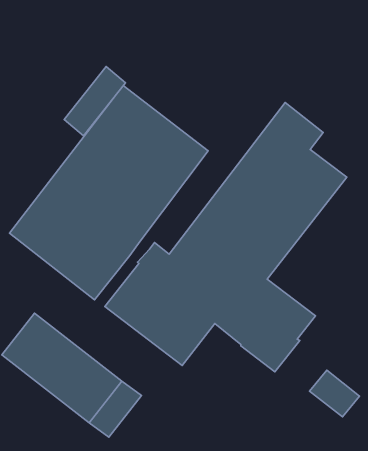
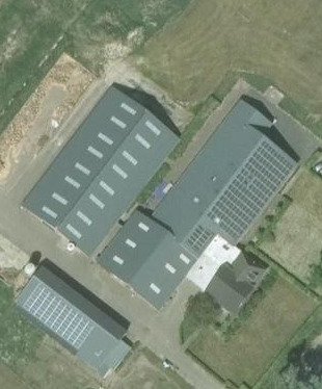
building: [64,66,125,136] -> none
building: [310,370,360,417] -> none

